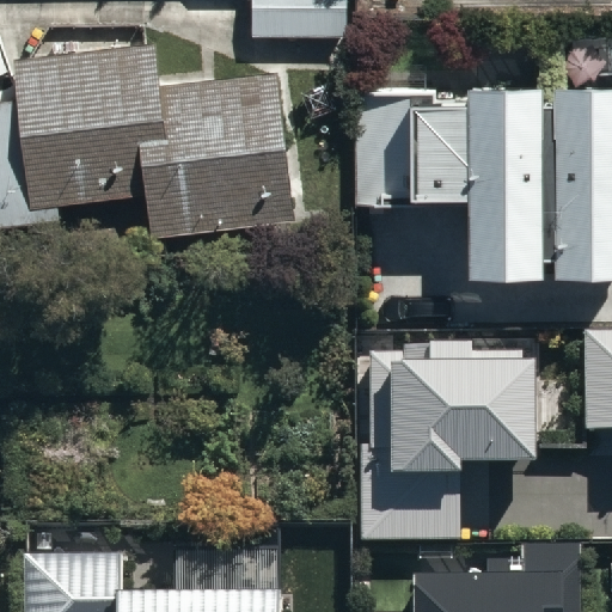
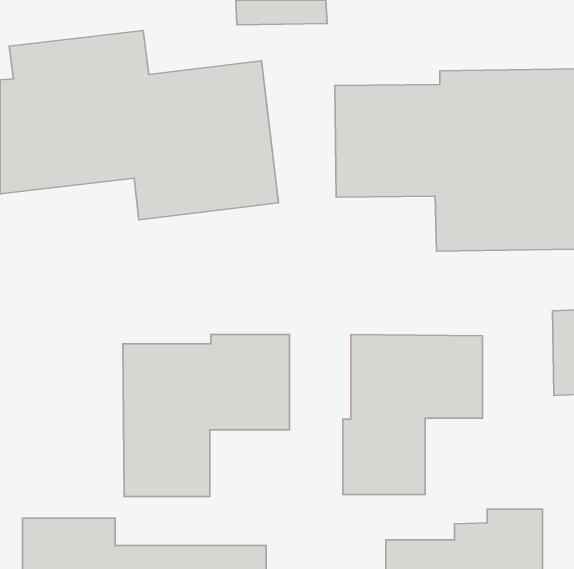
building: none -> [123,335,290,497]

